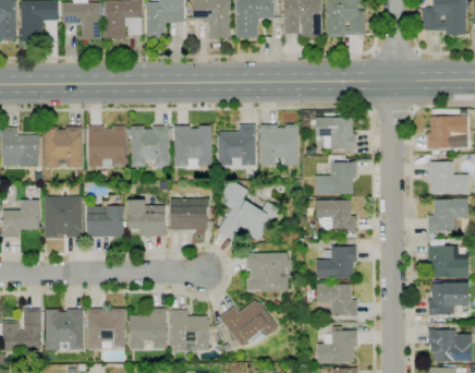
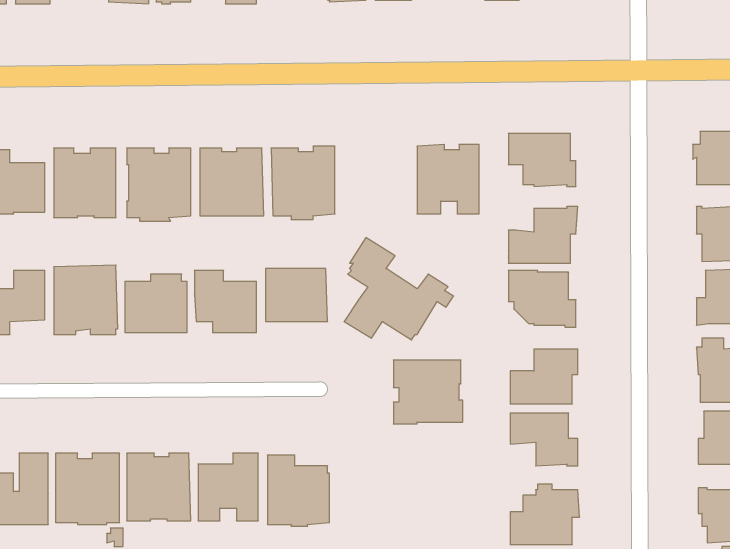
building: [218,125,255,170] -> none
building: [219,300,278,348] -> none

